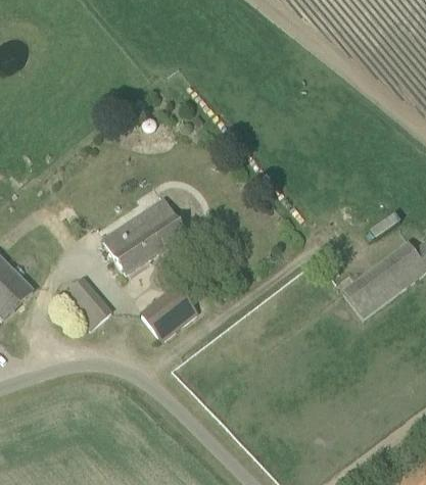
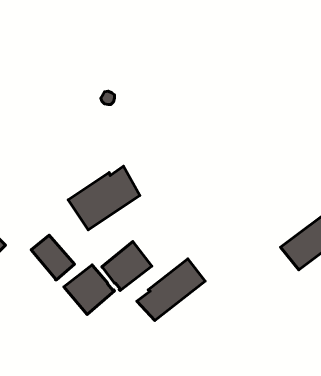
building: none -> [137,259,205,320]
building: none -> [64,265,115,314]

